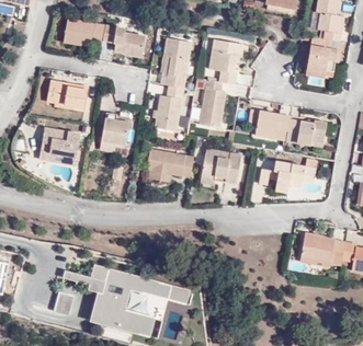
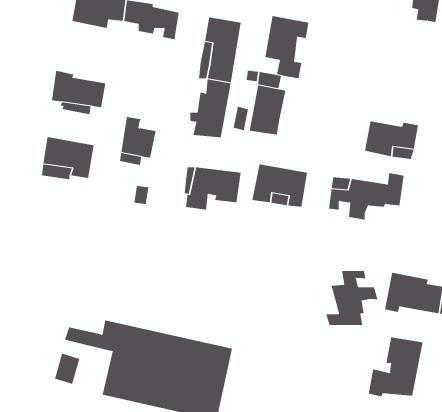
building: [311,38,340,80] -> none
building: [247,106,290,149] -> none
building: none -> [325,270,378,326]
building: none -> [368,336,423,397]

